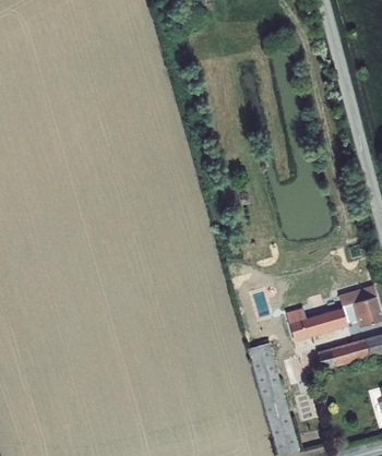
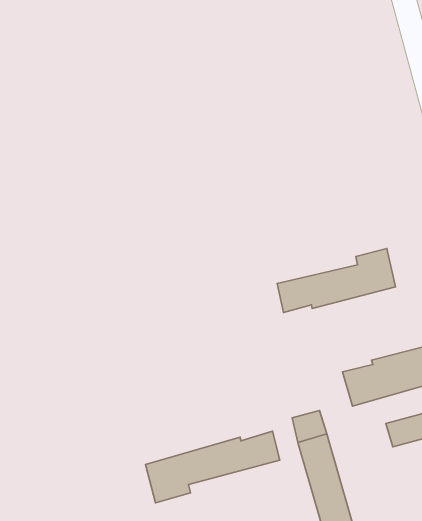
building: none -> [277,249,396,312]
building: none -> [145,431,280,503]

